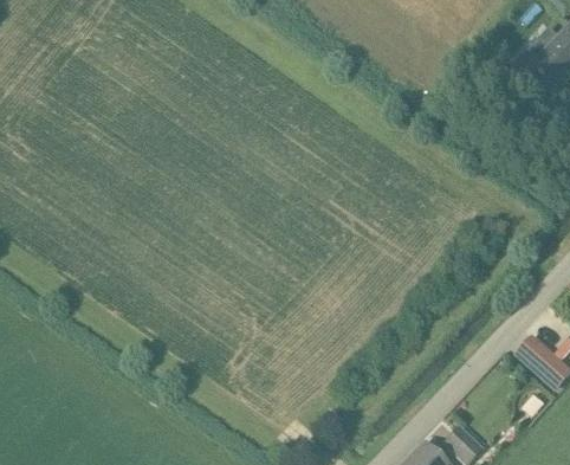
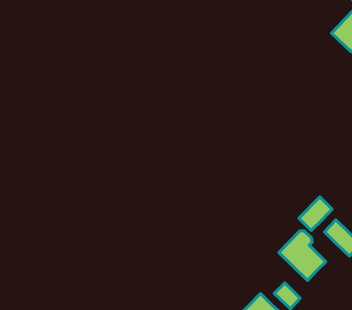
building: none -> [299,197,332,231]
building: none -> [279,231,326,280]

